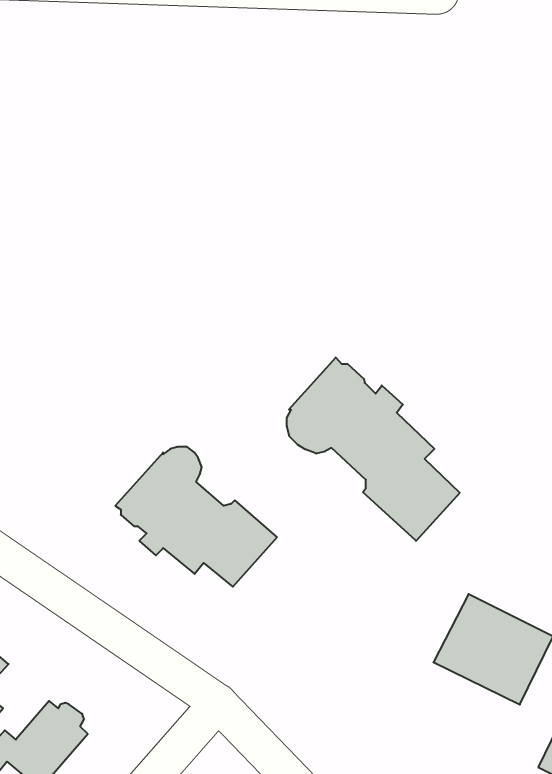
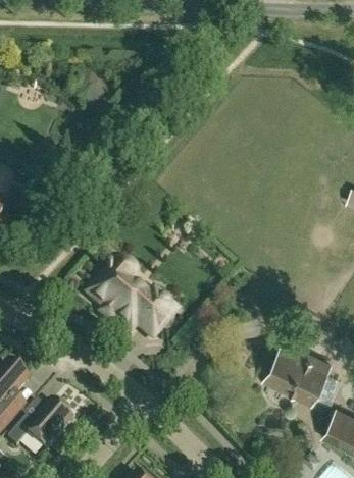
building: [287,357,460,541] -> none

